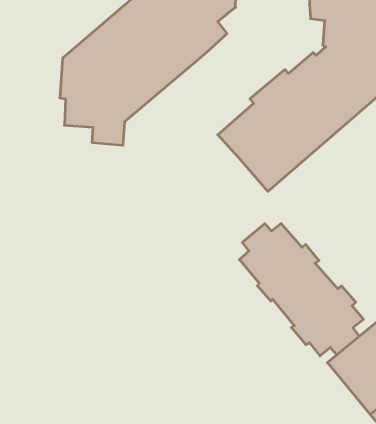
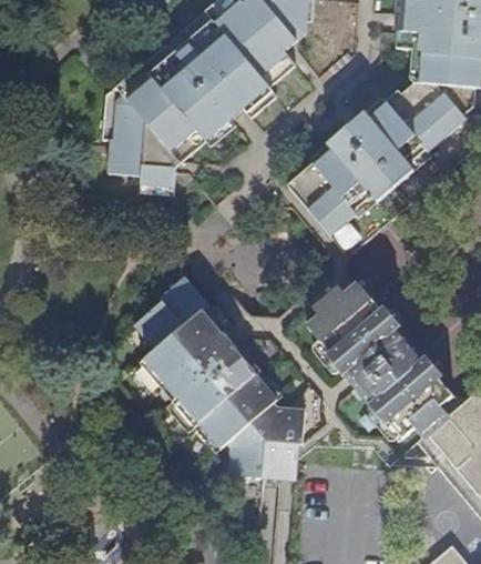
building: none -> [133,278,305,482]

